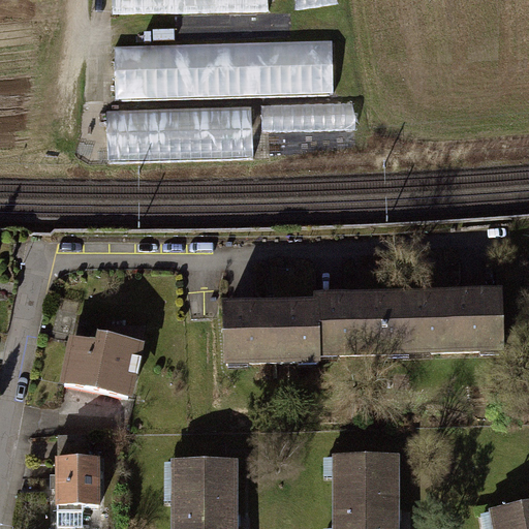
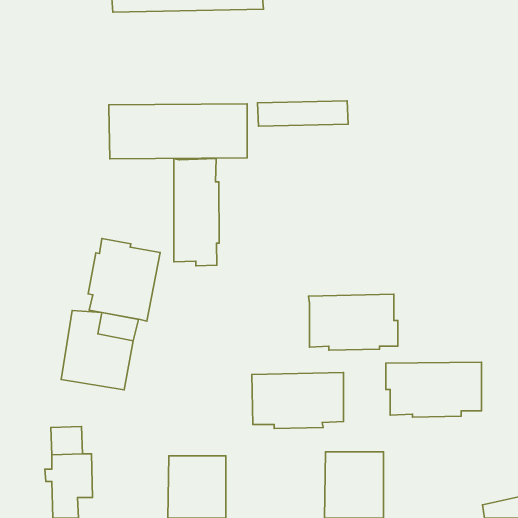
building: [119,43,338,96] -> none
building: none -> [174,159,219,266]
building: none -> [88,239,160,321]
building: [402,298,499,353] -> [386,362,482,417]
building: [223,308,316,365] -> [252,373,343,429]

